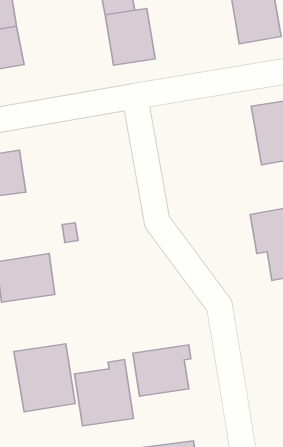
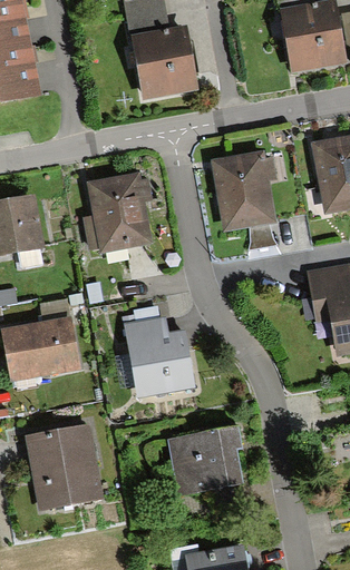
building: none -> [212,153,274,229]
building: none -> [82,173,150,252]
building: none -> [127,316,193,395]
building: [75,359,133,426] -> none

